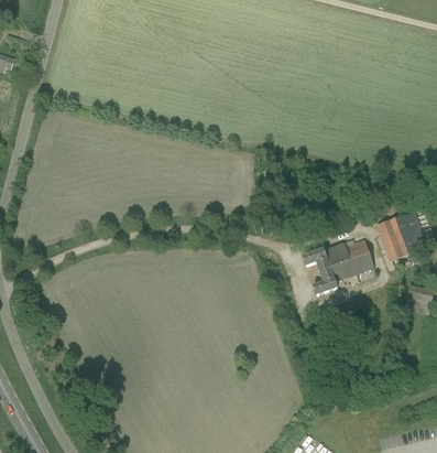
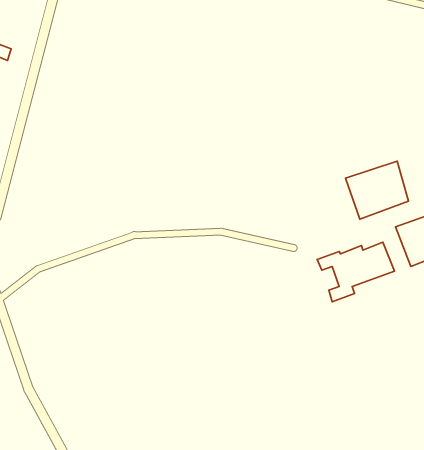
building: none -> [345,161,409,219]

